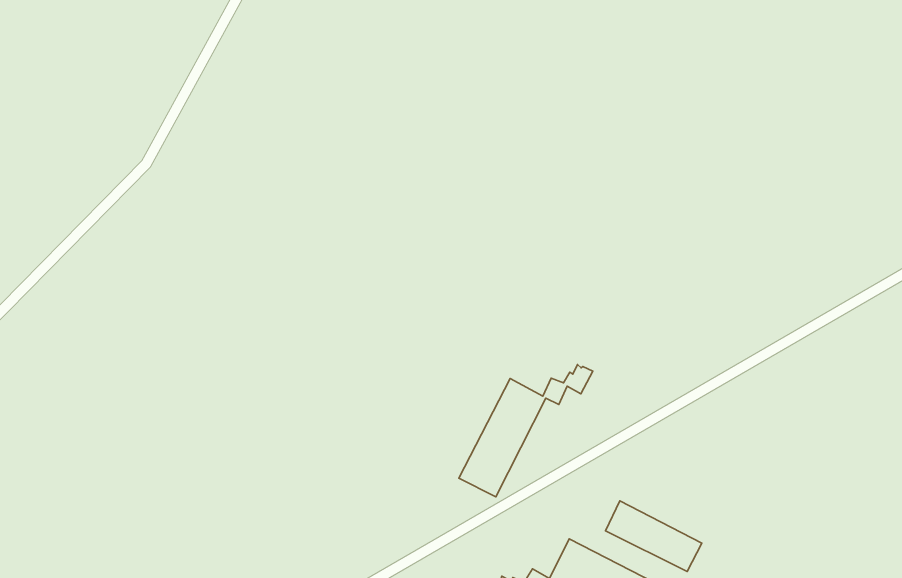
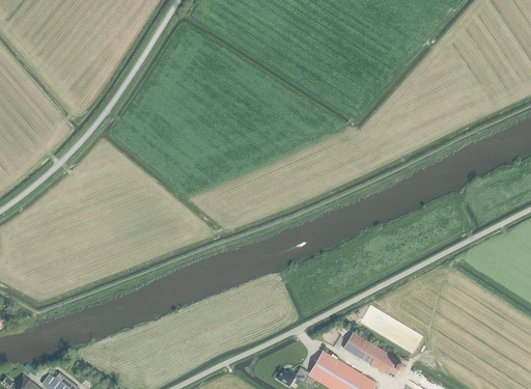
building: [459,364,593,497] -> none

